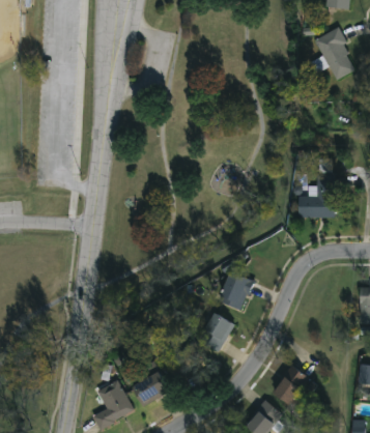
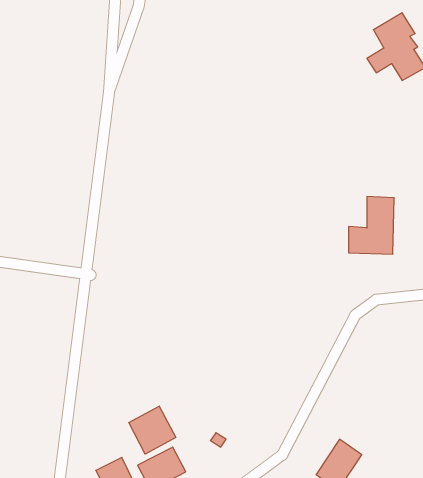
building: [217,271,253,311] -> none
building: [197,314,233,353] -> none
building: none -> [129,406,176,454]

